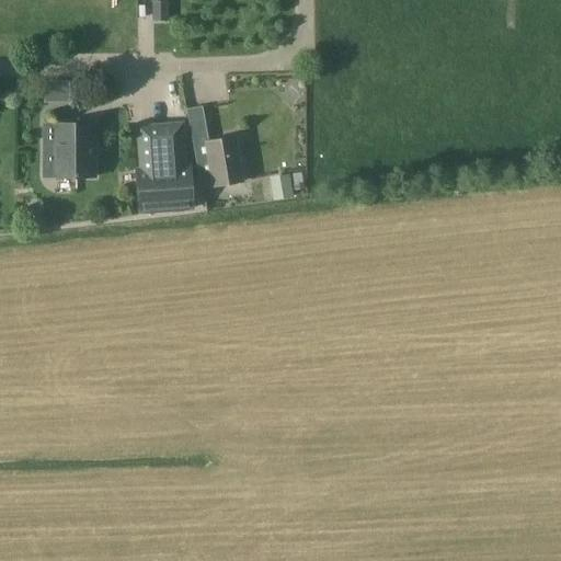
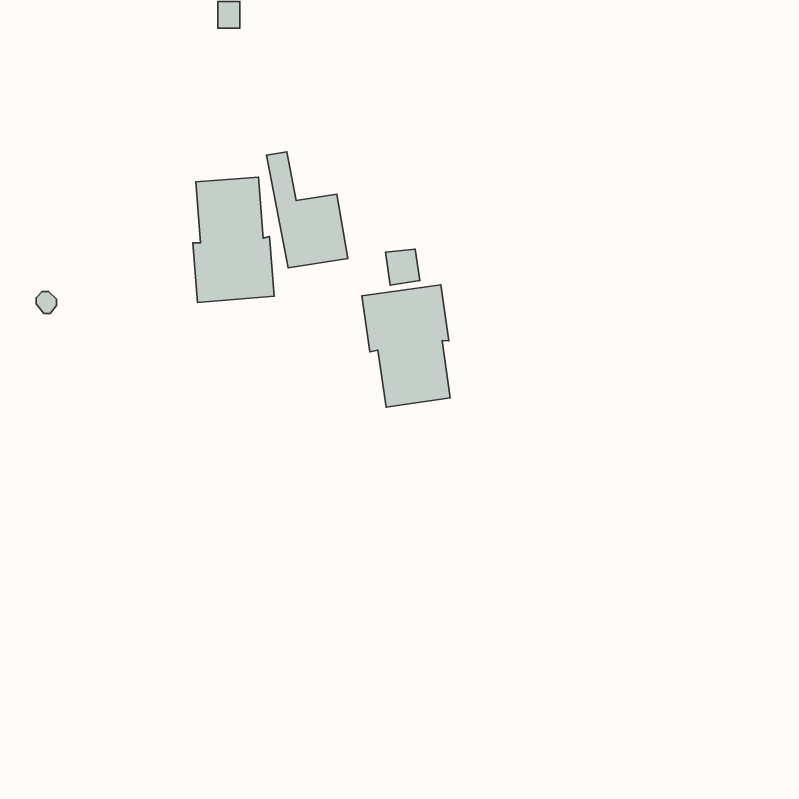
building: [45,124,95,176] -> none
building: none -> [362,285,450,407]

